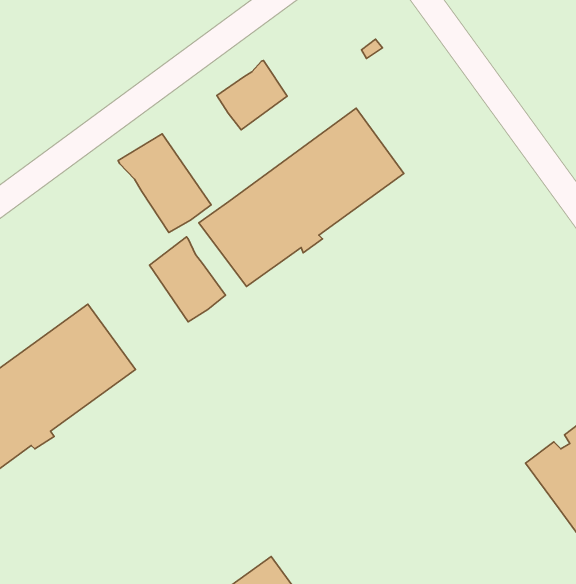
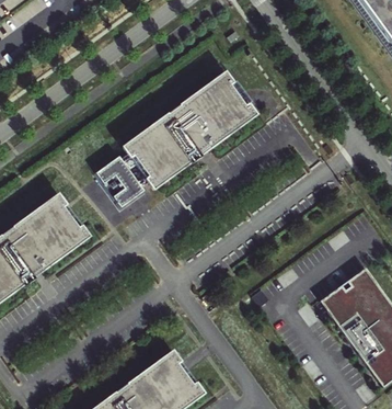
building: [217,60,287,130] -> none
building: [118,134,211,233] -> none

